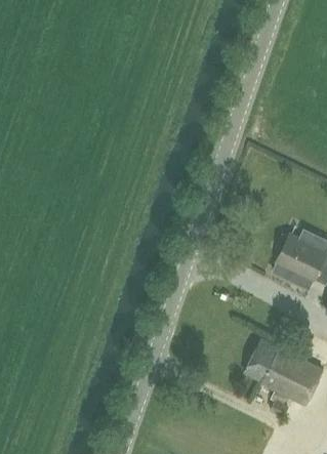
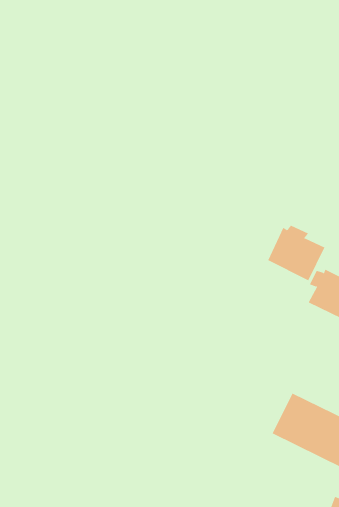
building: none -> [267,225,325,281]

